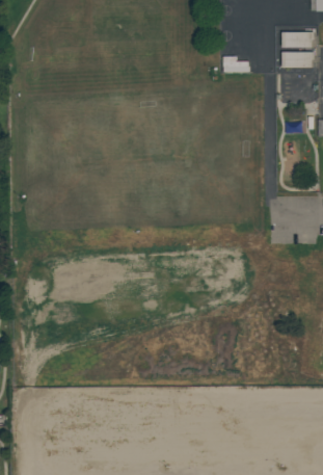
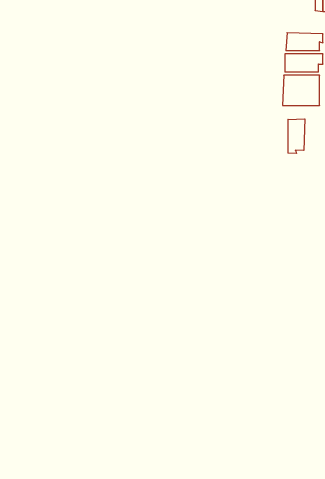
building: none -> [288,119,305,153]

